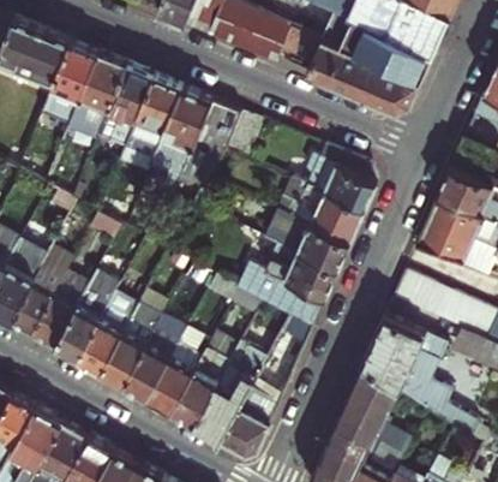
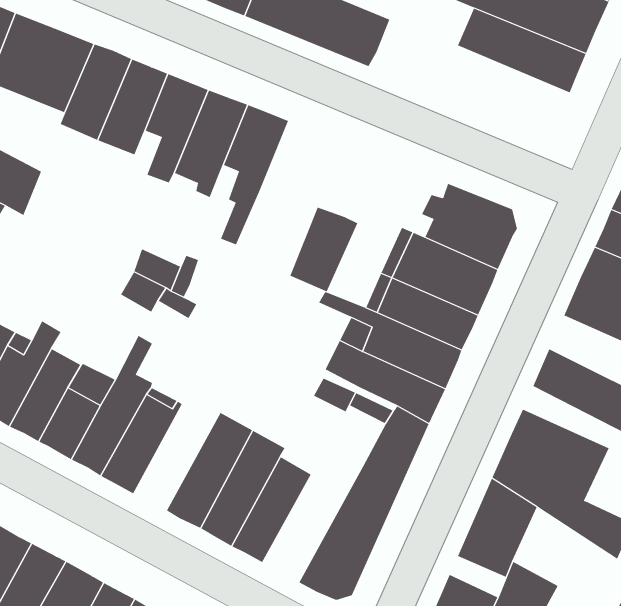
building: [278,25,420,109] -> none
building: [193,100,244,162] -> [289,207,358,292]
building: [100,275,166,386] -> none
building: [194,339,268,439] -> none

